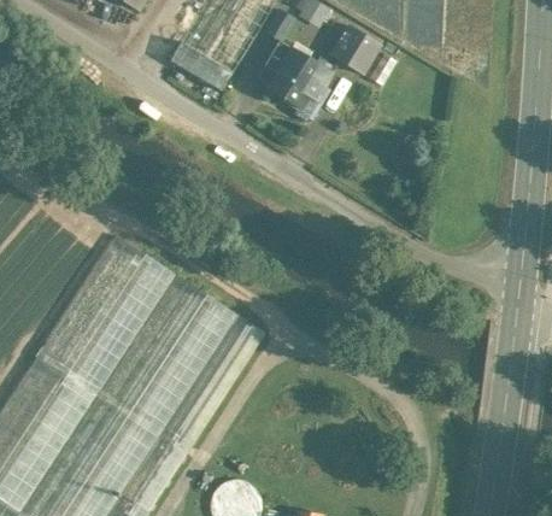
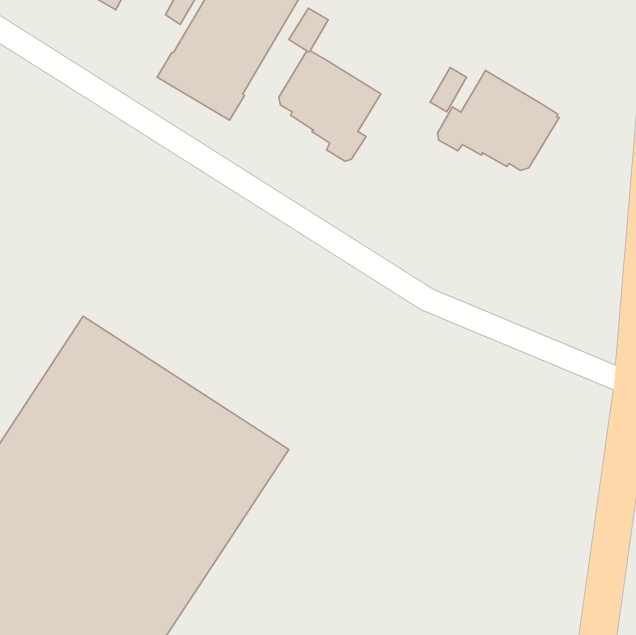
building: [329,24,380,74] -> none
building: none -> [438,71,559,171]

